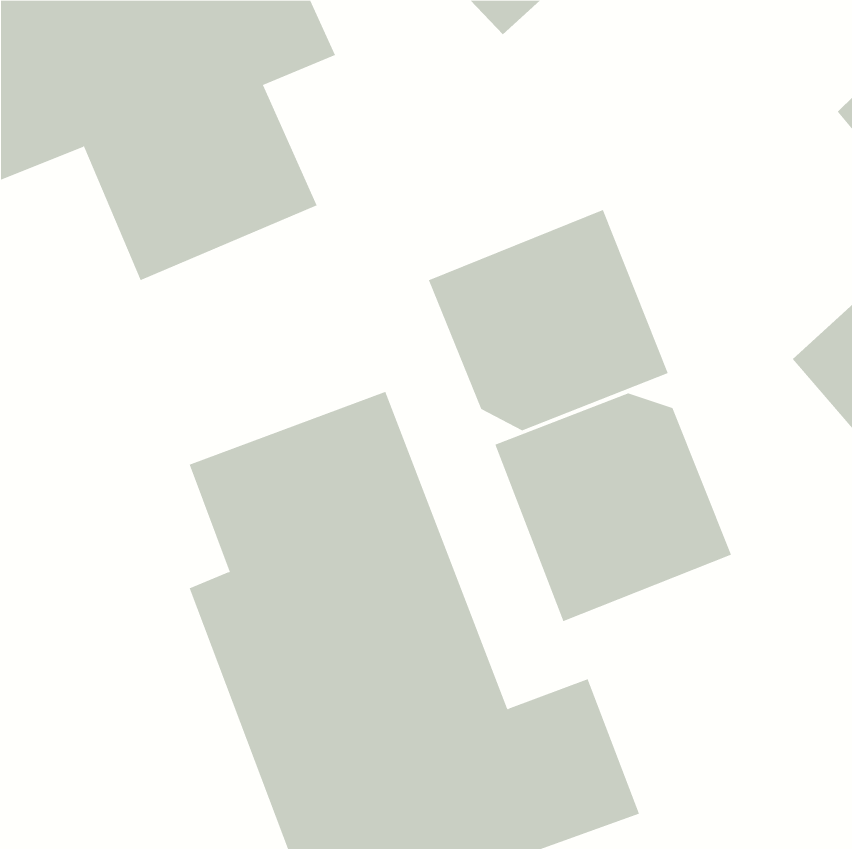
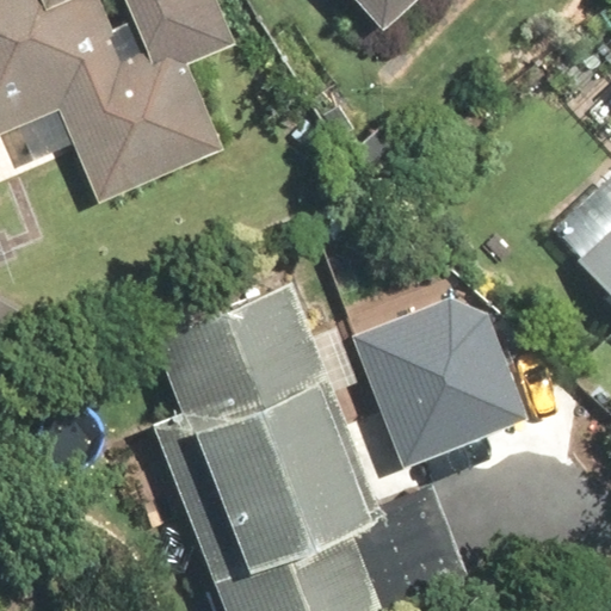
building: [428,209,668,431] -> none

